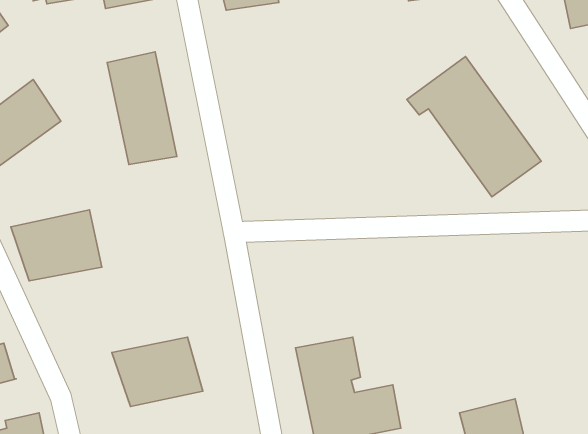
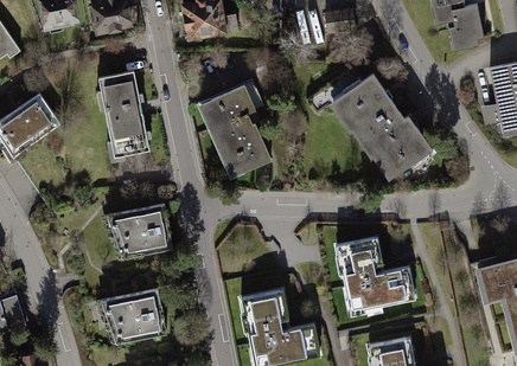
building: none -> [196,84,272,178]
building: [11,210,102,281] -> [103,203,173,257]
building: none -> [332,232,416,316]

